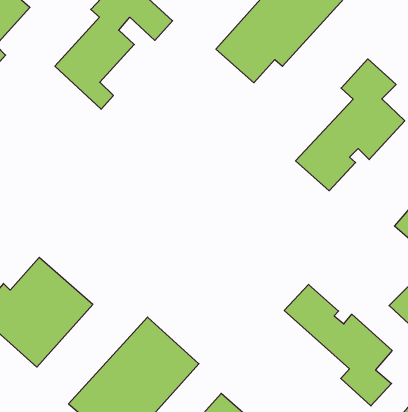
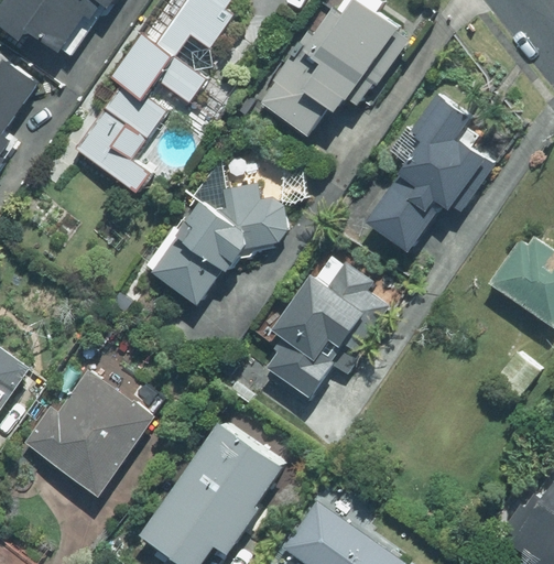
building: none -> [145,183,287,304]
building: none -> [264,263,391,404]
building: [284,284,392,406] -> none

